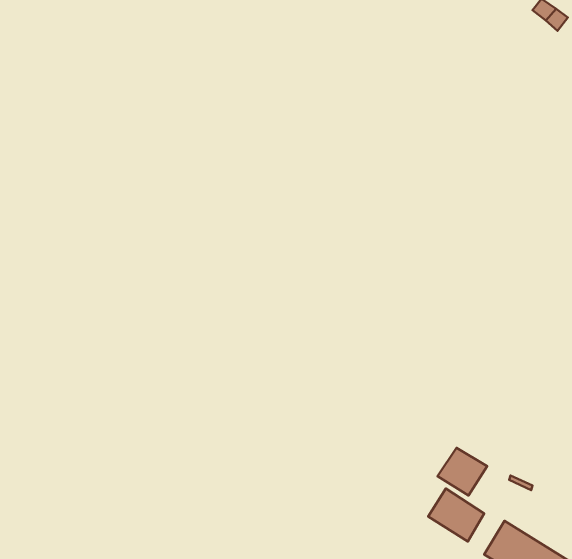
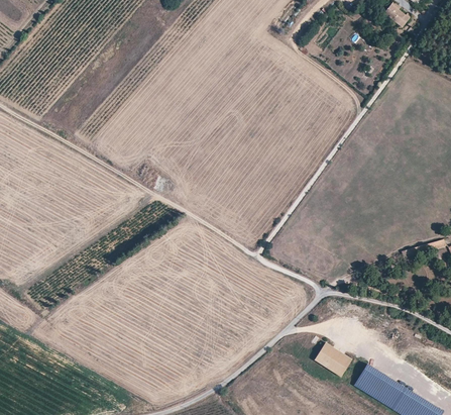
building: [438,448,487,496] -> none

